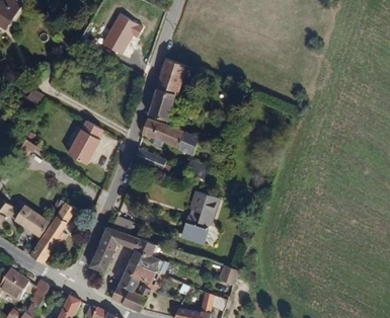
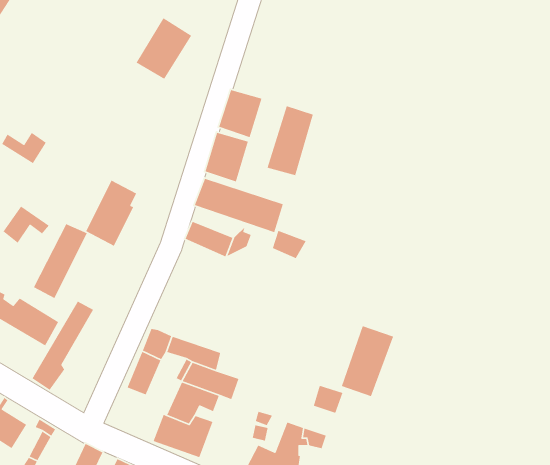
building: none -> [267,105,314,176]
building: none -> [33,223,88,299]
building: [184,186,220,234] -> [341,325,394,397]

